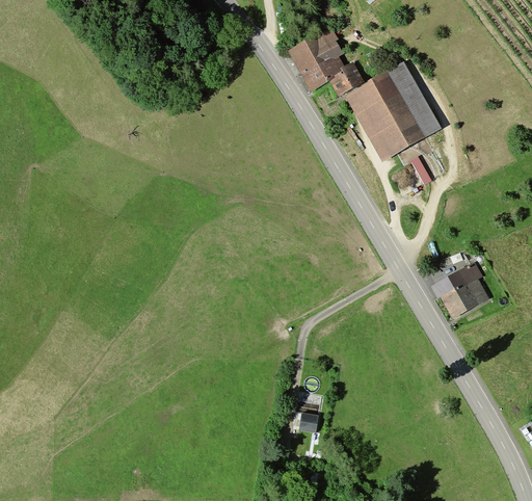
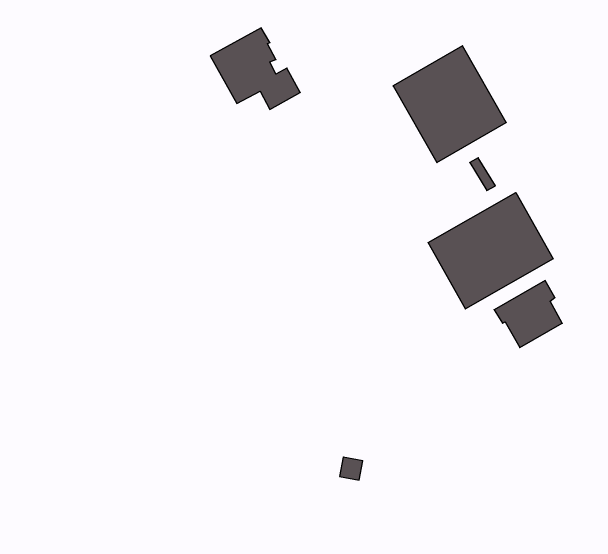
building: [287,27,364,97] -> [210,28,300,109]
building: none -> [428,193,553,309]

